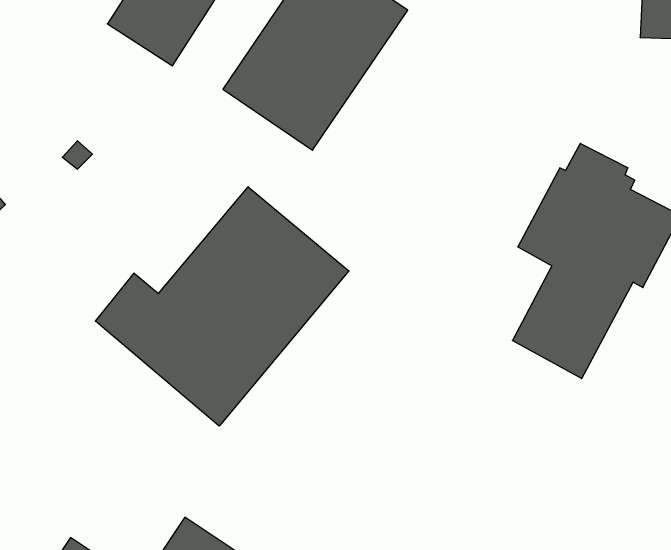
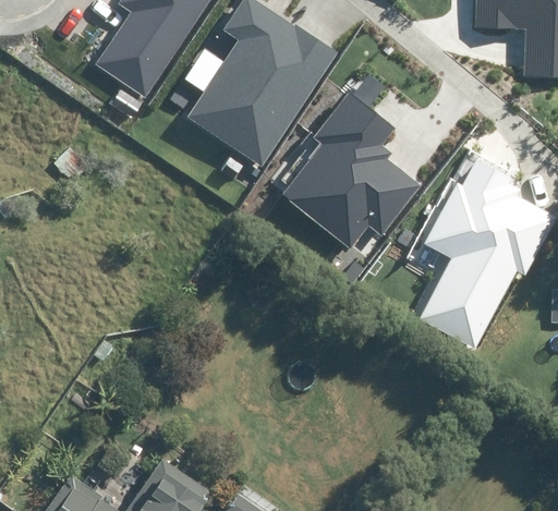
building: none -> [282,75,423,251]
building: [95,187,349,426] -> none

